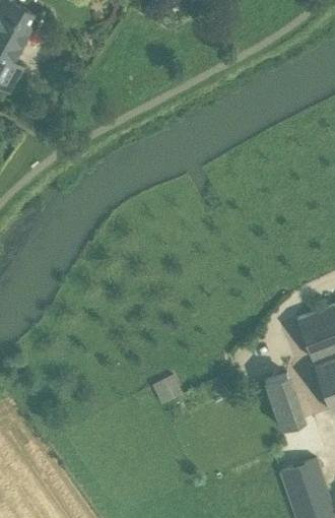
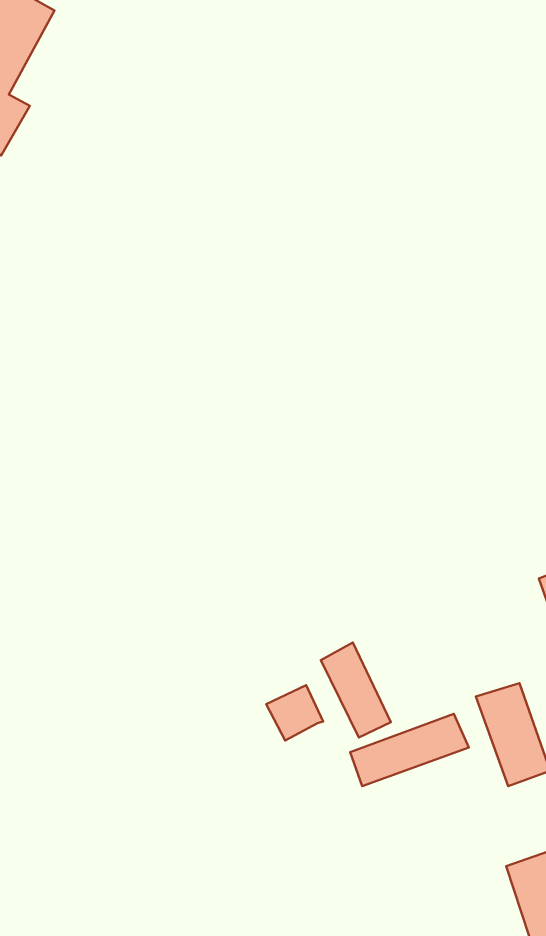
building: none -> [321,642,391,737]
building: none -> [350,714,469,786]

